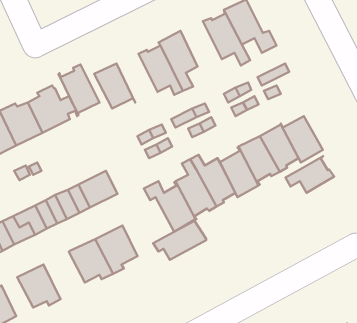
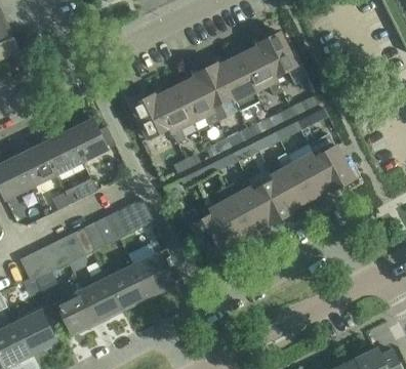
building: none -> [215,53,260,112]
building: [58,65,100,113] -> [153,85,193,132]
building: [286,156,334,193] -> none
building: [153,221,206,260] -> none
building: none -> [82,270,122,324]

